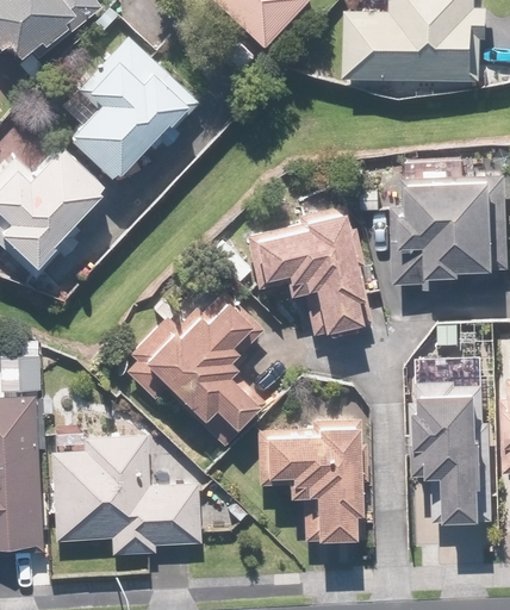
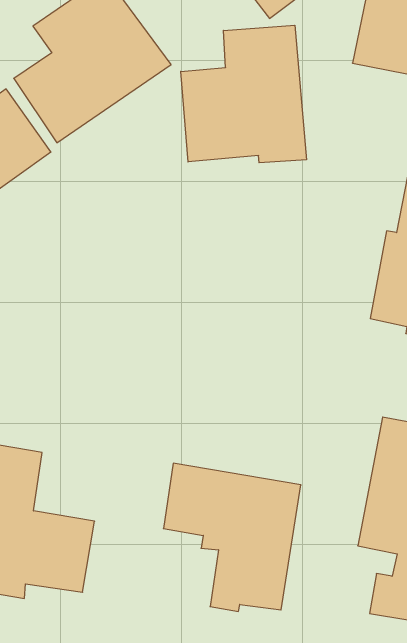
building: none -> [181,25,306,163]
building: [245,203,367,330] -> none
building: [125,282,266,447] -> none

